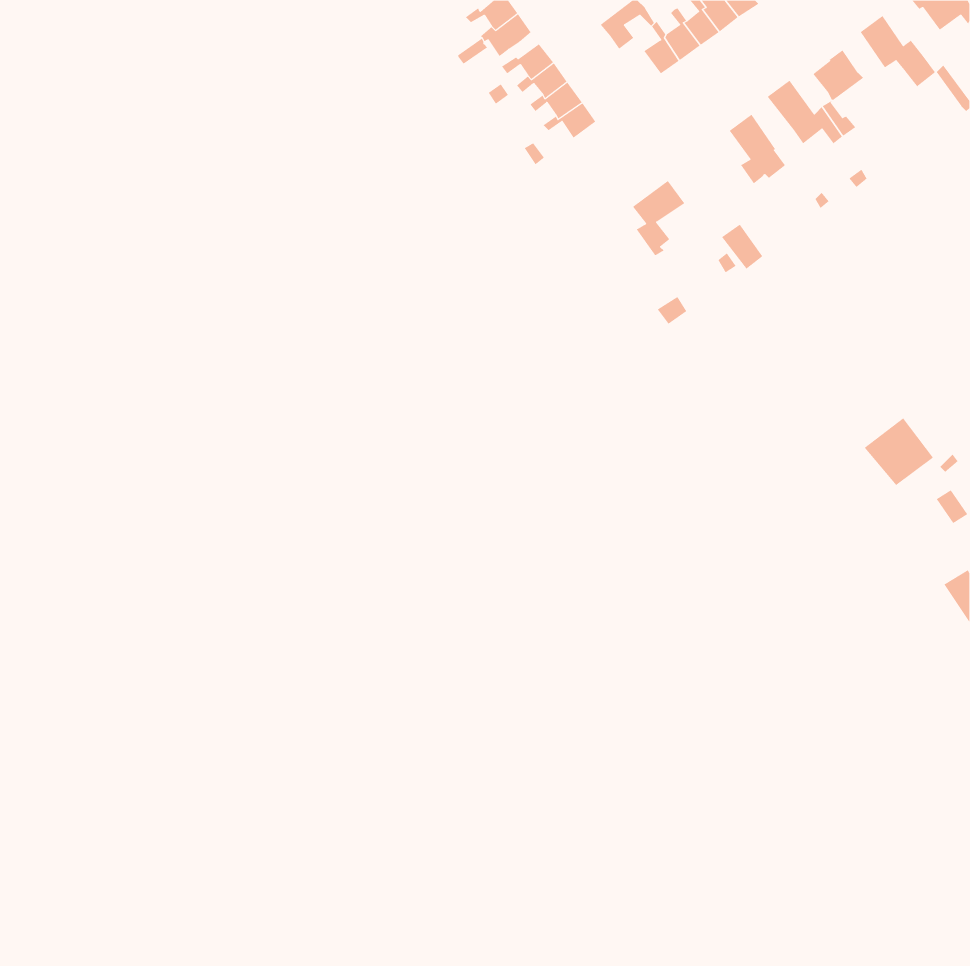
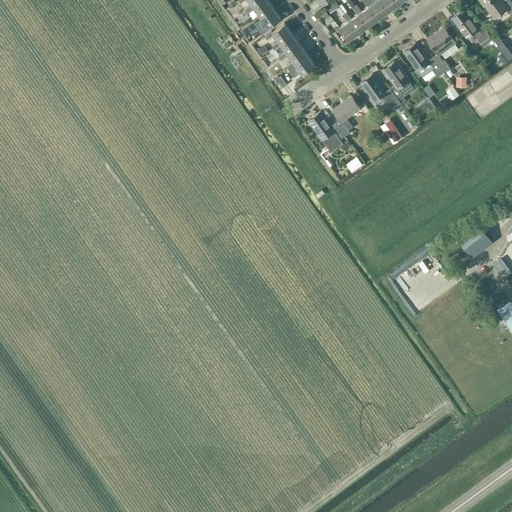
building: none -> [361,75,397,106]
building: none -> [308,113,345,149]

